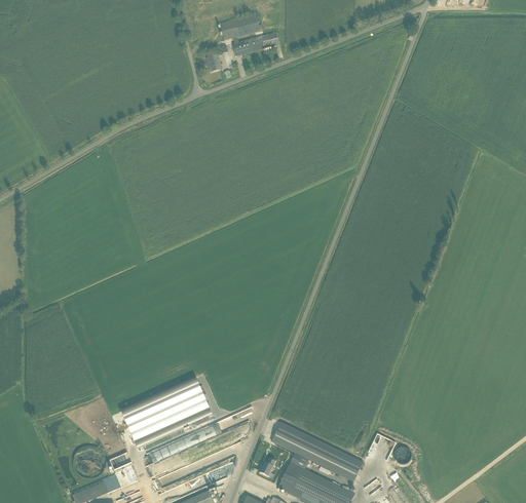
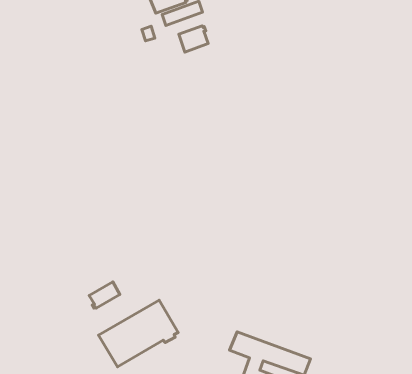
building: none -> [179,26,208,52]
building: none -> [89,282,120,308]

